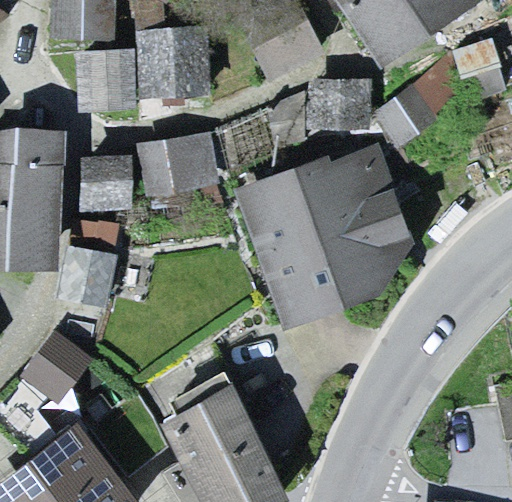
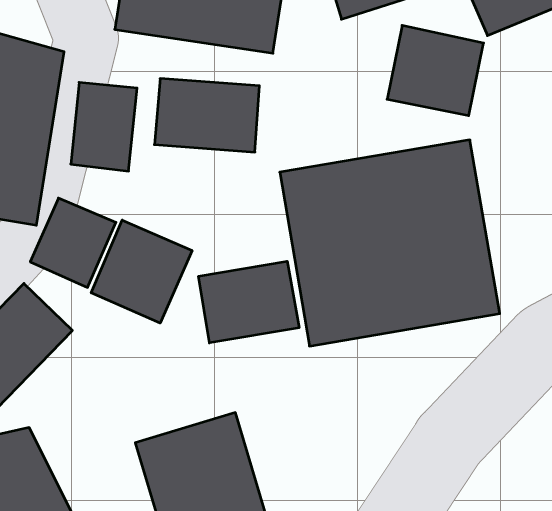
building: none -> [91,220,192,323]
building: none -> [199,261,299,343]

